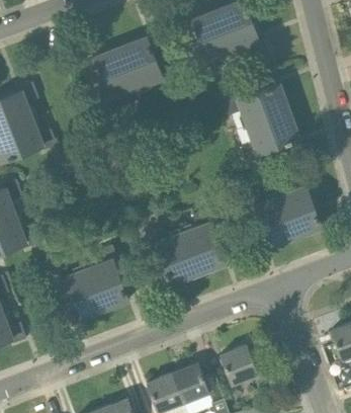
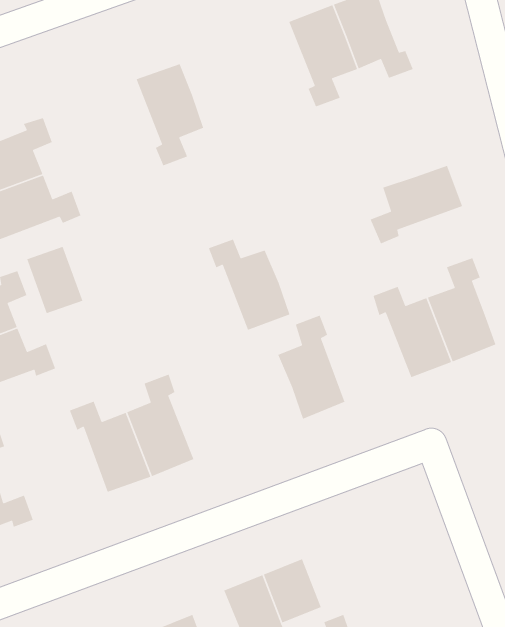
building: [119,37,171,95] -> none
building: [223,83,289,127] -> none
building: none -> [26,246,83,314]
building: [145,226,197,284] -> [208,238,291,331]
building: [221,344,258,385] -> none

